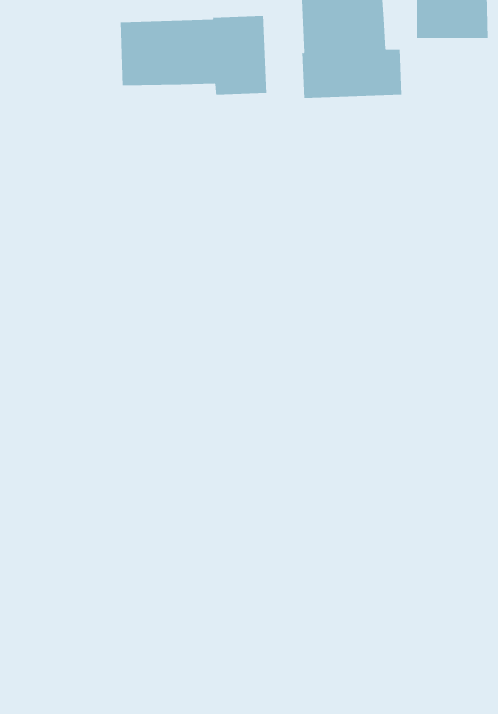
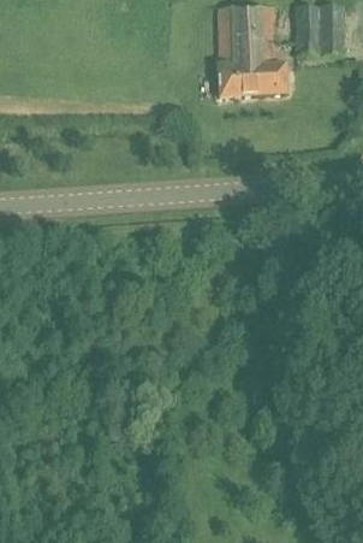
building: [120,15,267,95] -> none

